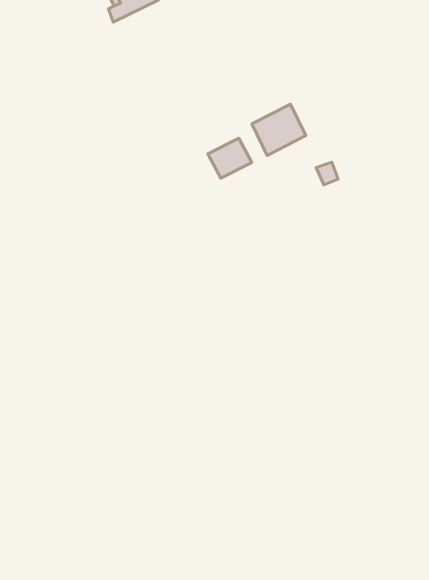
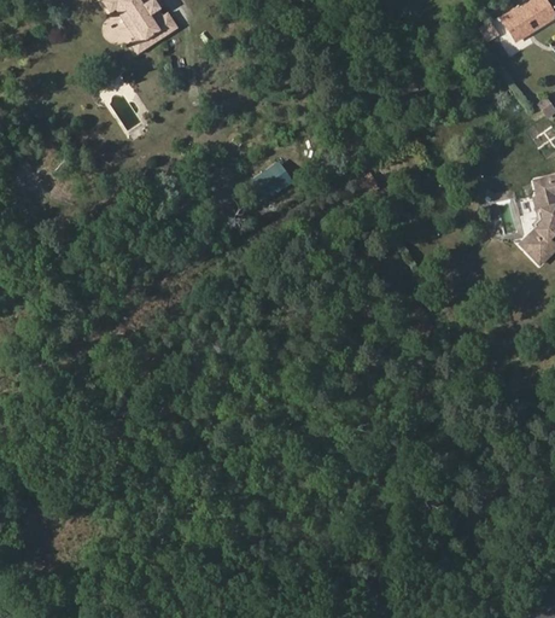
building: [252,104,306,155] -> none

